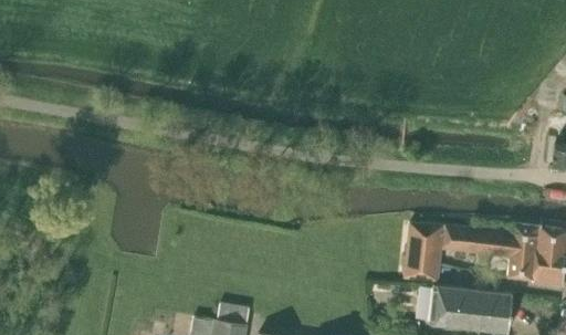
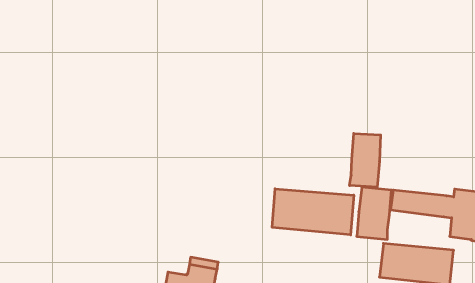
building: none -> [350,133,381,187]
building: none -> [272,189,354,235]

